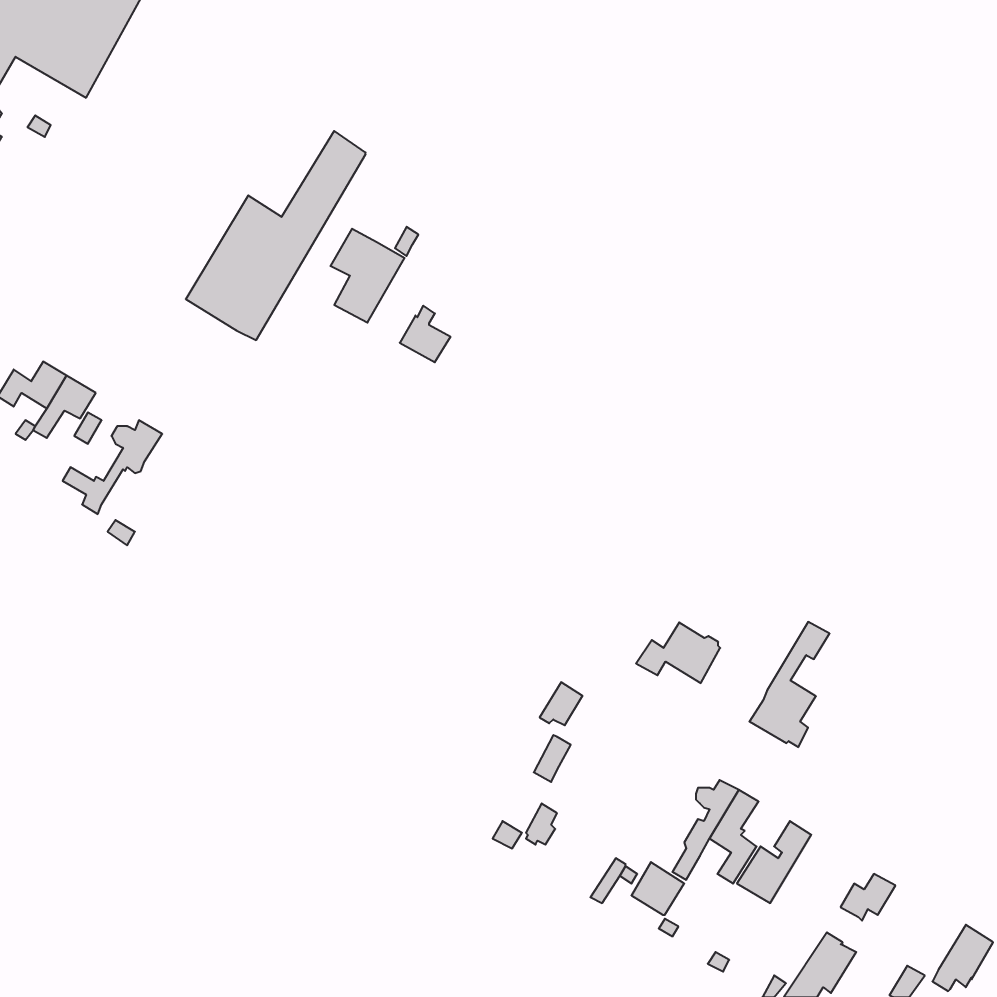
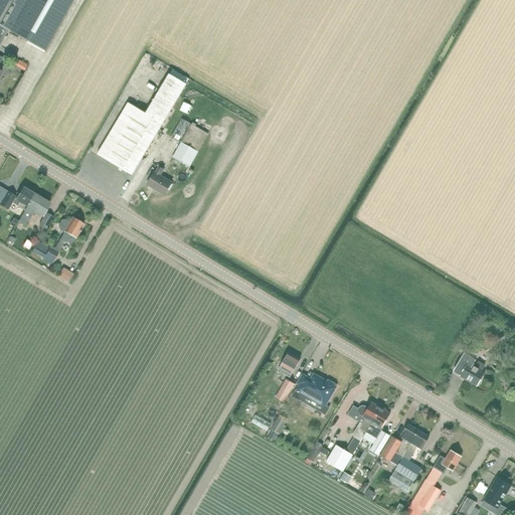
building: [400,306,451,362] -> [146,165,172,194]
building: [749,622,830,747] -> [387,430,428,494]
building: [636,622,720,683] -> [292,373,335,404]
building: none -> [453,352,485,386]

